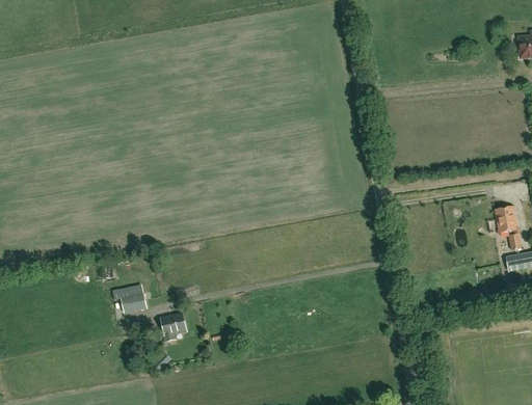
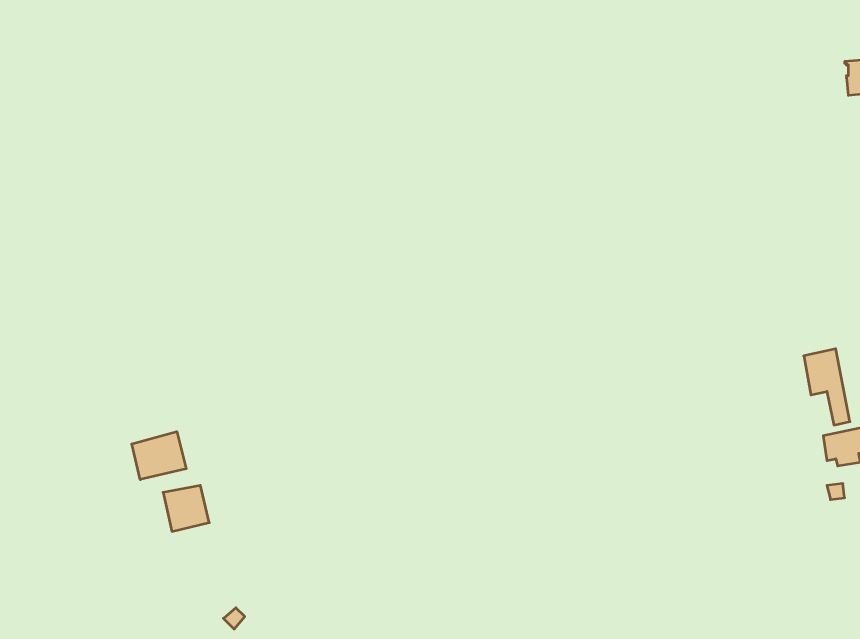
building: none -> [132,432,186,480]
building: [160,314,186,335] -> none

